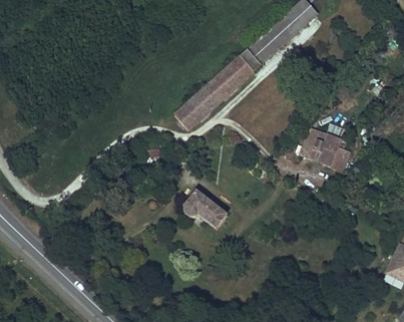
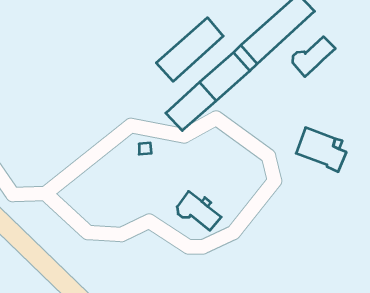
building: none -> [156,18,223,81]
building: none -> [293,37,335,77]

